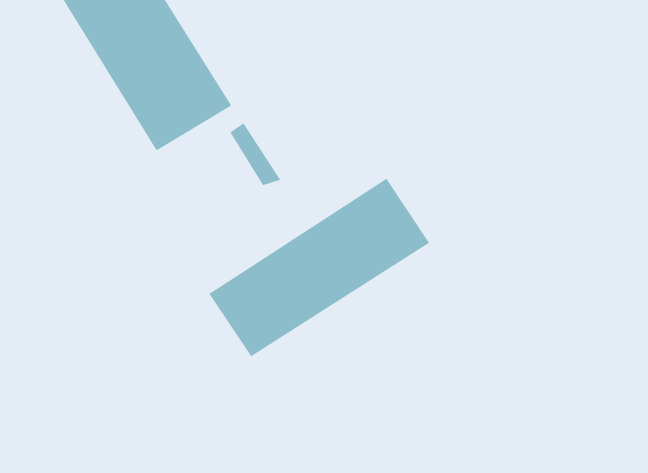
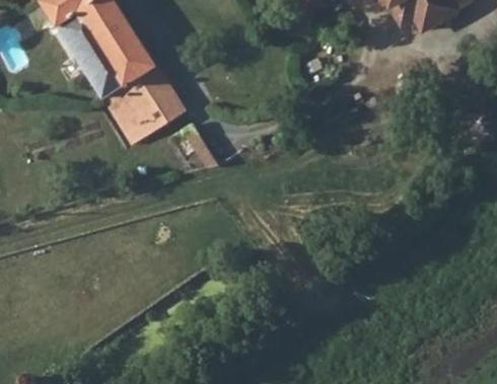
building: [208,178,430,357] -> none

